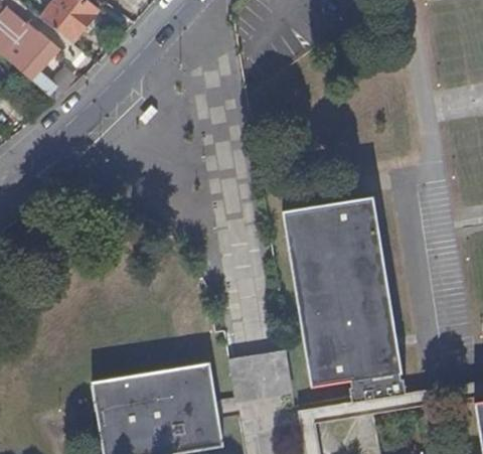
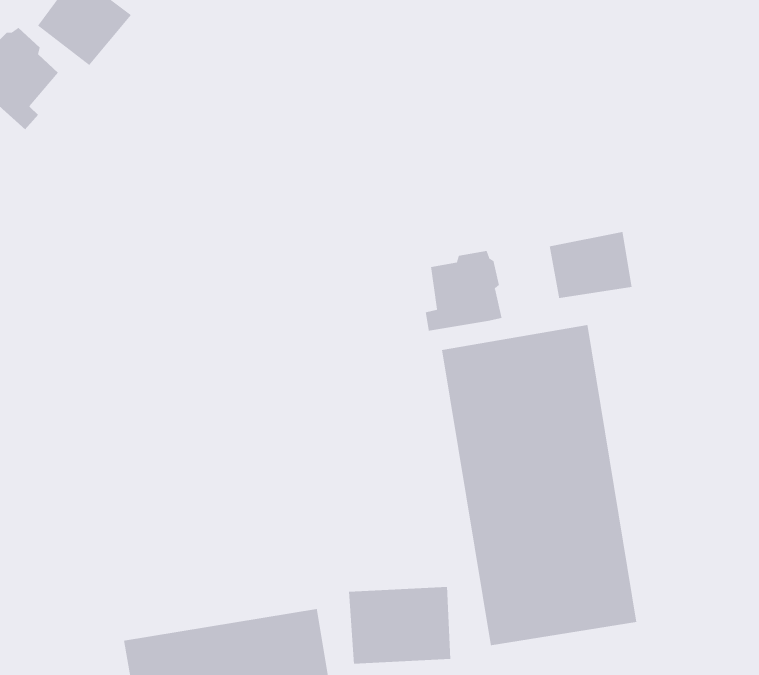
building: none -> [549,231,632,299]
building: none -> [425,250,502,331]

